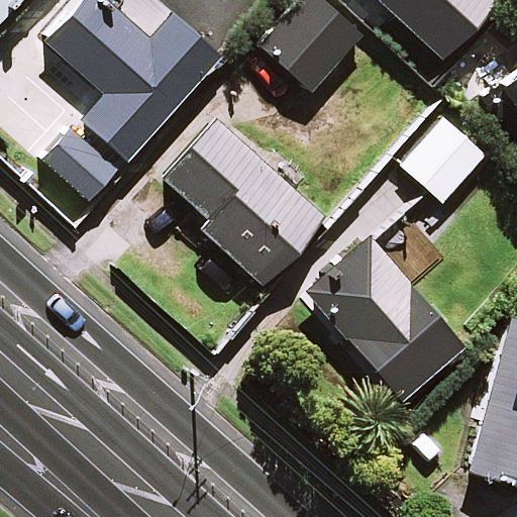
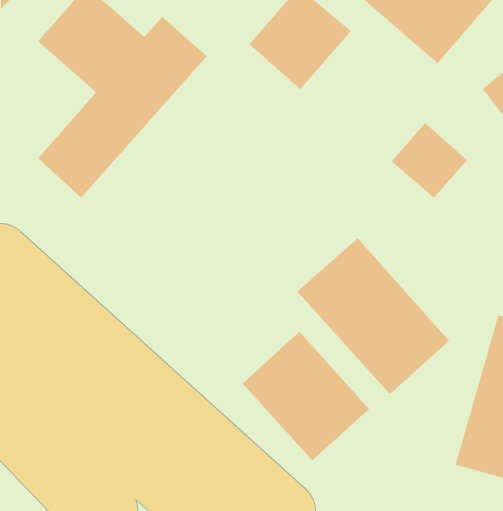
building: [163,118,323,284] -> none
building: none -> [242,331,370,461]

